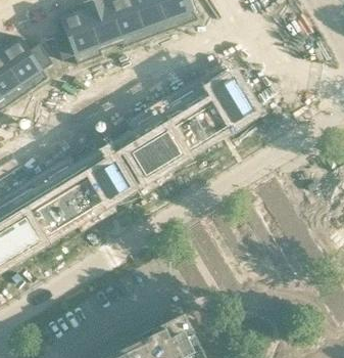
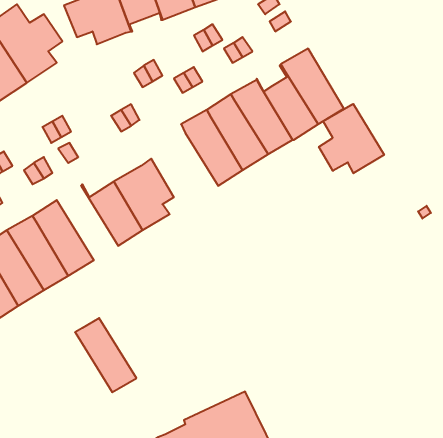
building: none -> [319,104,384,173]
building: [114,123,162,178] -> none
building: [47,167,91,220] -> [75,318,136,392]

